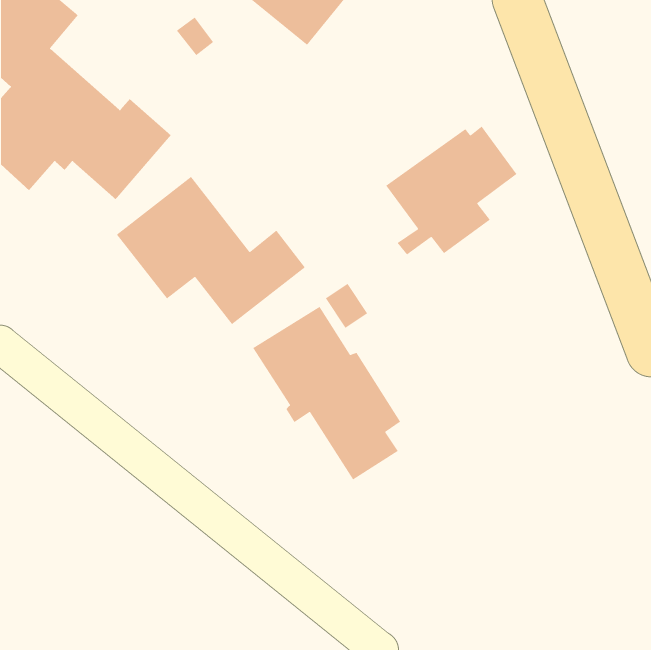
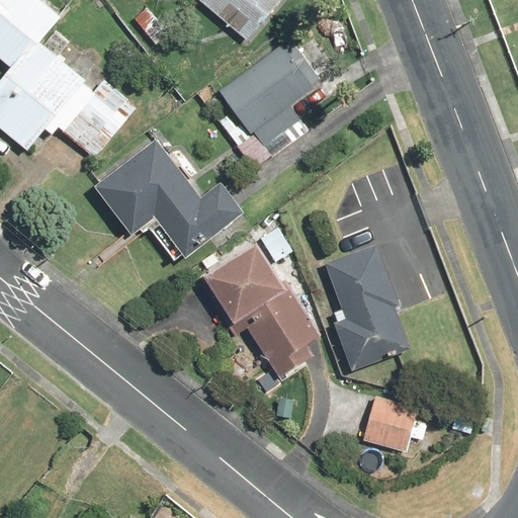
building: [385,126,518,256] -> [218,42,323,146]
building: none -> [326,247,408,370]
building: none -> [360,393,428,455]

